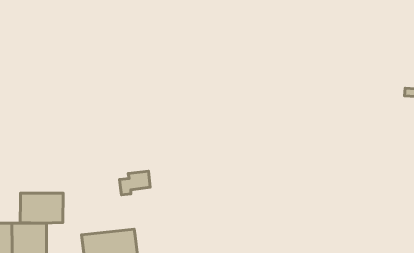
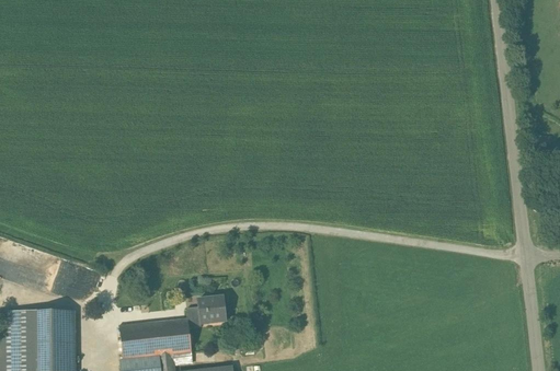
building: [120,171,150,195] -> [186,294,226,325]
building: [20,193,63,223] -> none

